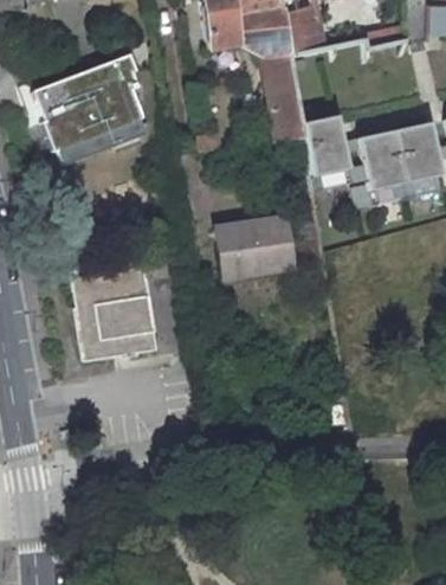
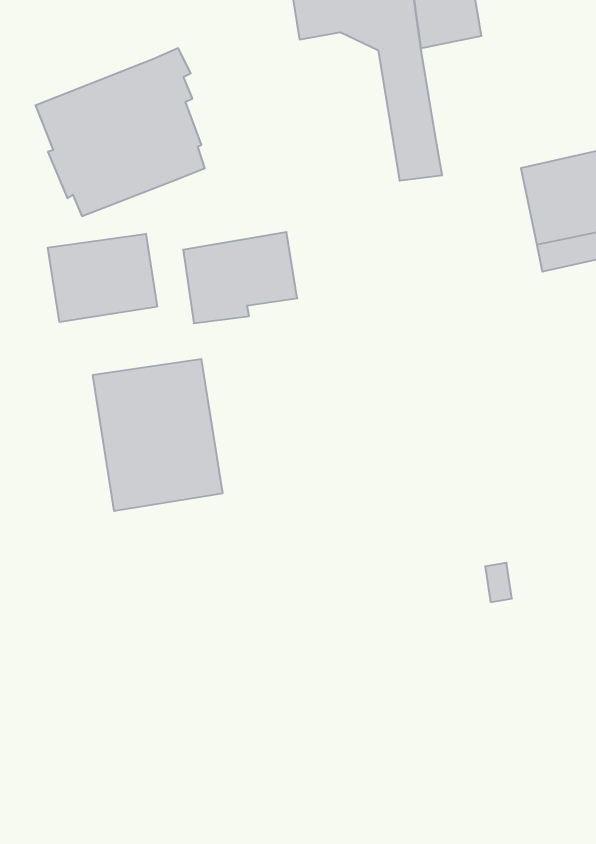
building: [299,112,347,187] -> none
building: none -> [48,234,157,322]
building: [213,218,289,278] -> [183,232,297,323]

